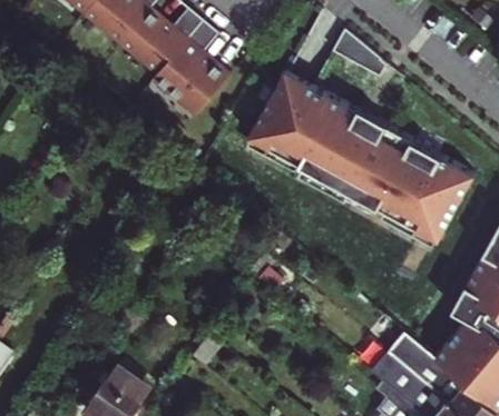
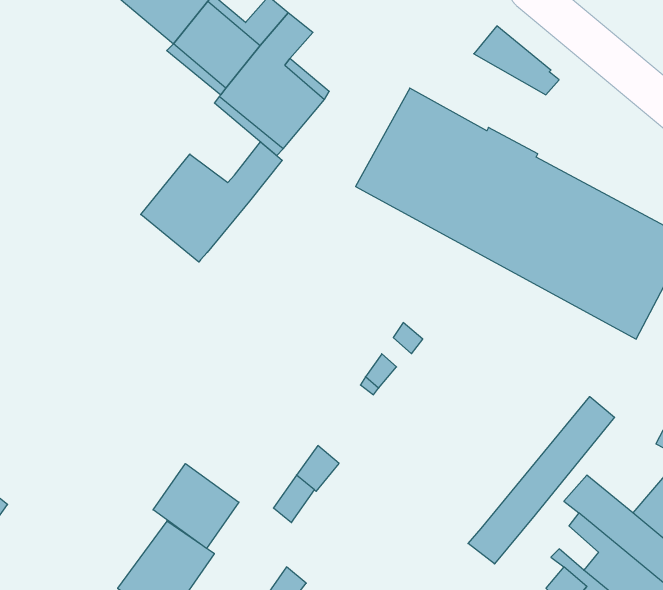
building: none -> [141,142,282,262]
building: none -> [468,397,615,564]
building: none -> [153,464,239,548]

